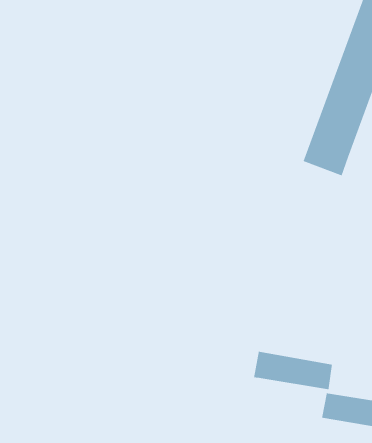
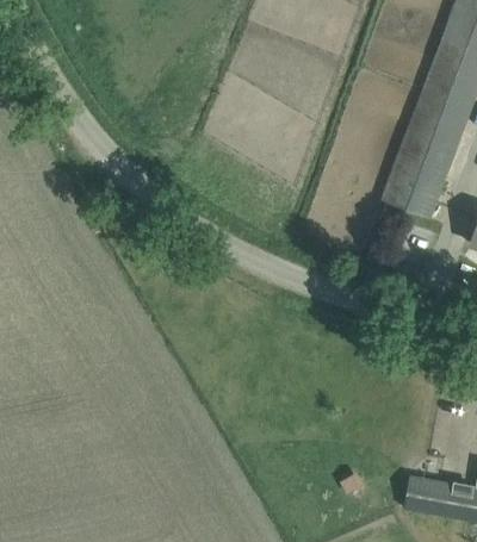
building: [253,351,333,390] -> none

